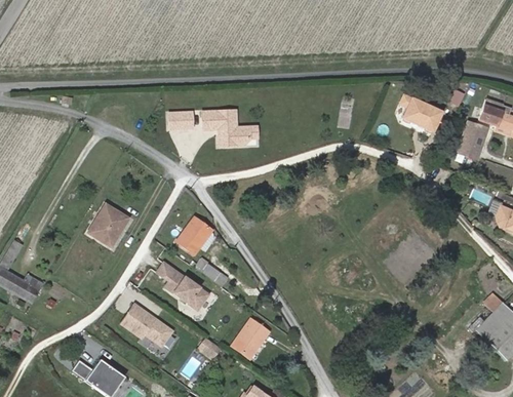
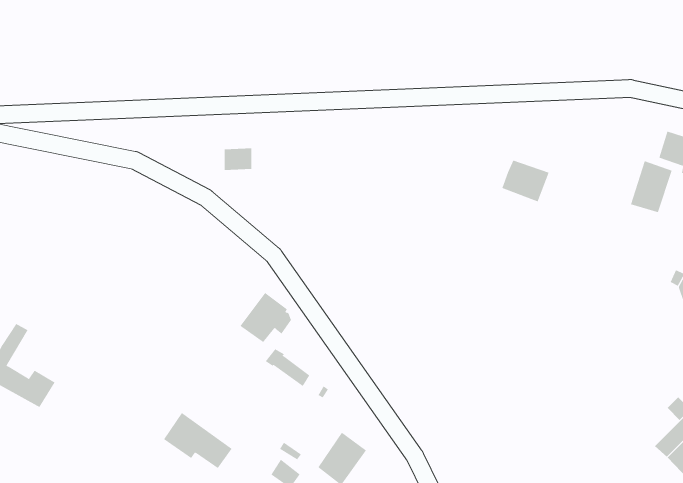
building: [404,95,439,126] -> [502,160,550,202]
building: [196,112,243,148] -> none
building: [89,204,129,246] -> none
building: [157,263,207,309] -> none

